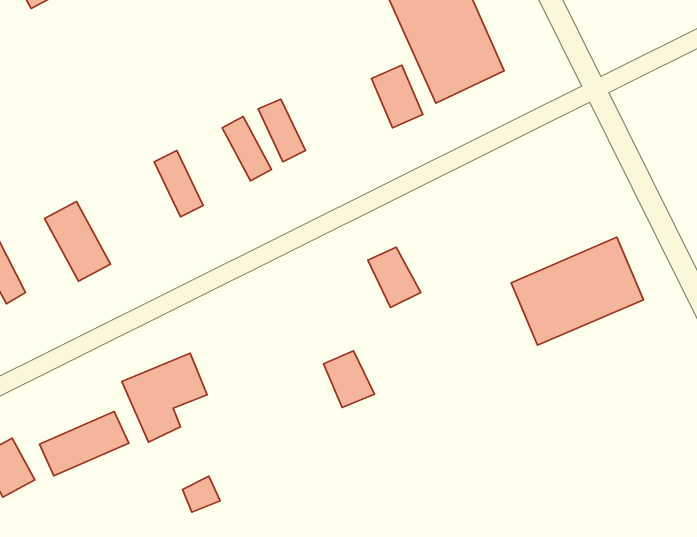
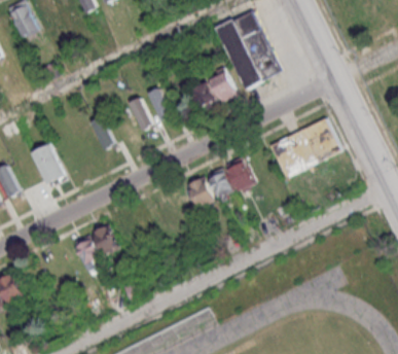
building: none -> [190,81,215,111]
building: none -> [223,156,255,192]
building: [511,237,643,345] -> [268,118,340,177]
building: [323,351,374,407] -> [186,177,214,208]
building: [40,412,129,476] -> none

